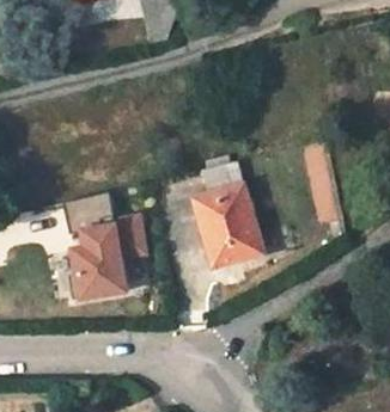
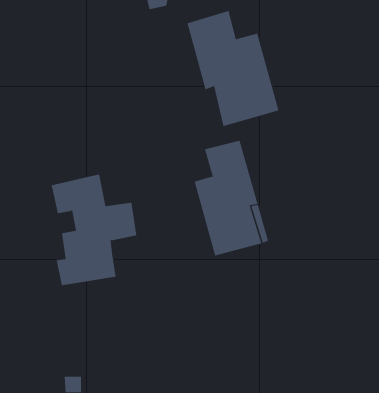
building: none -> [187,10,279,127]

